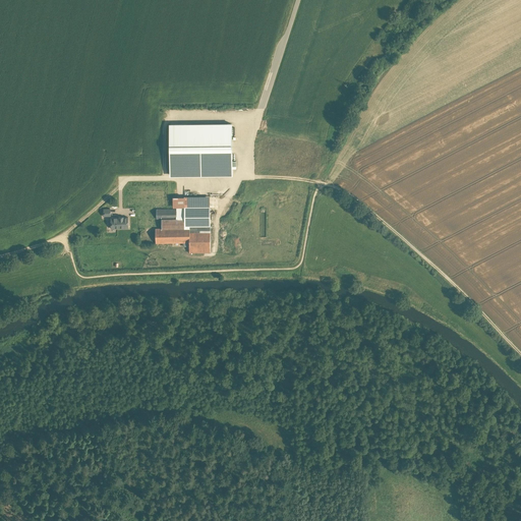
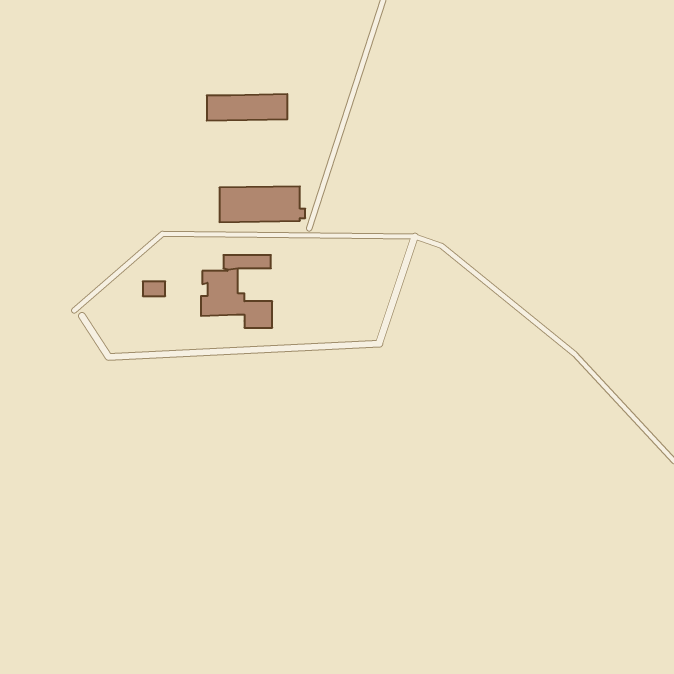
building: [169,125,231,146] -> [207,94,287,121]
building: [183,208,209,227] -> none

